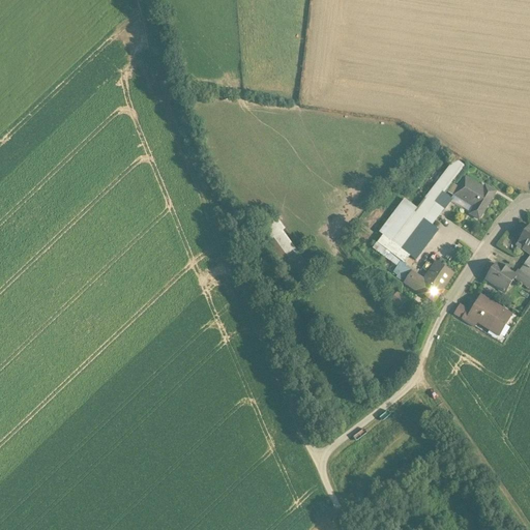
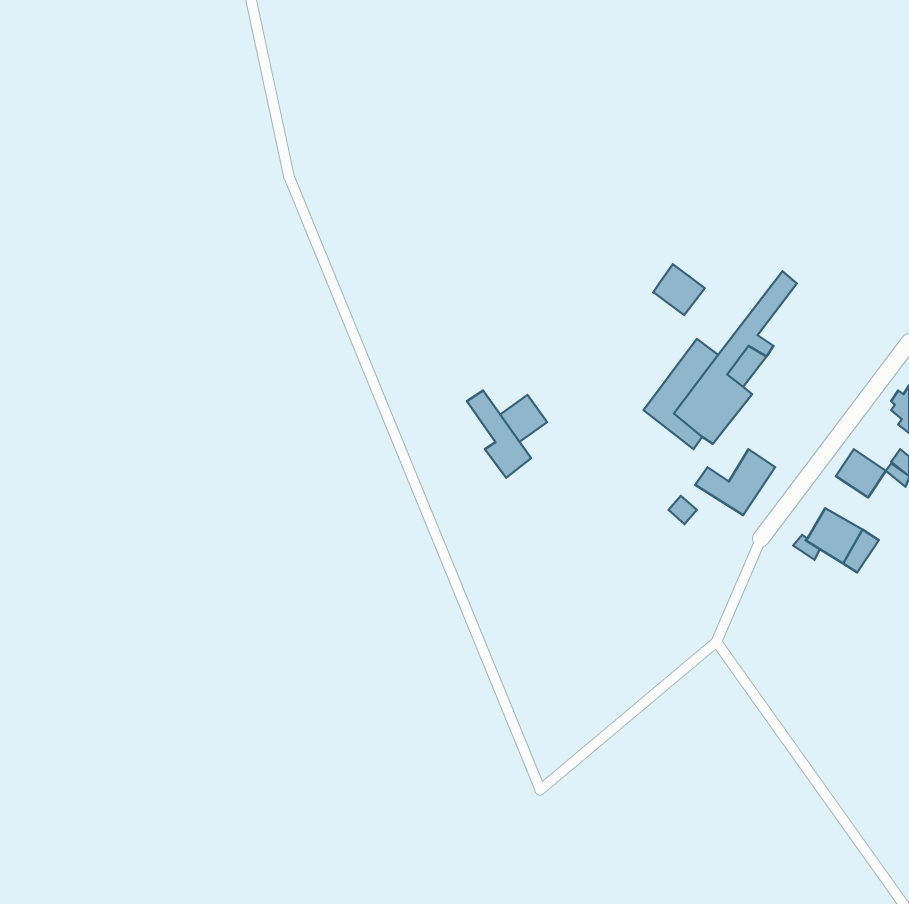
building: none -> [653,264,705,315]
building: [453,175,495,217] -> none
building: none -> [500,395,547,442]

